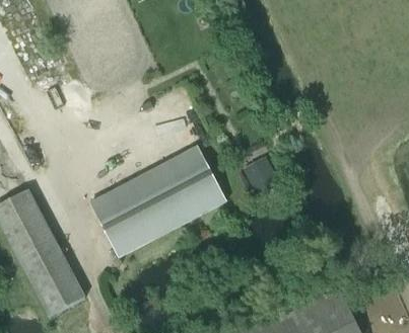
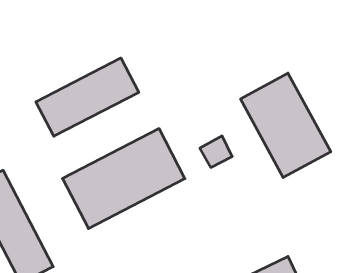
building: none -> [36,58,139,136]
building: none -> [241,73,331,178]

